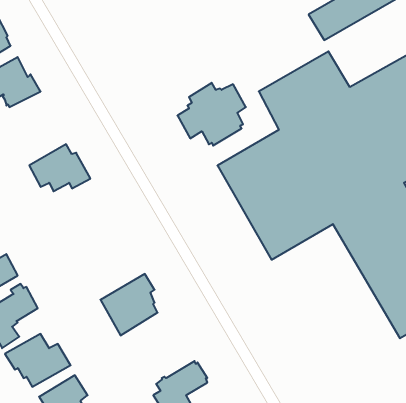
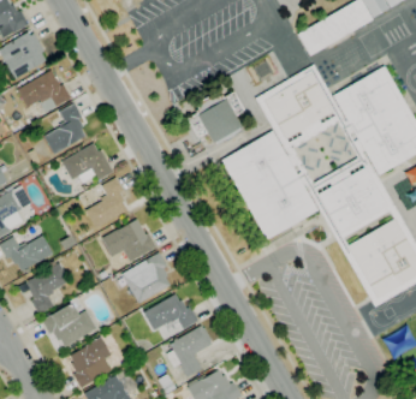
building: none -> [43,102,85,154]
building: none -> [84,177,127,230]
building: none -> [102,220,155,261]
building: none -> [143,294,198,330]

